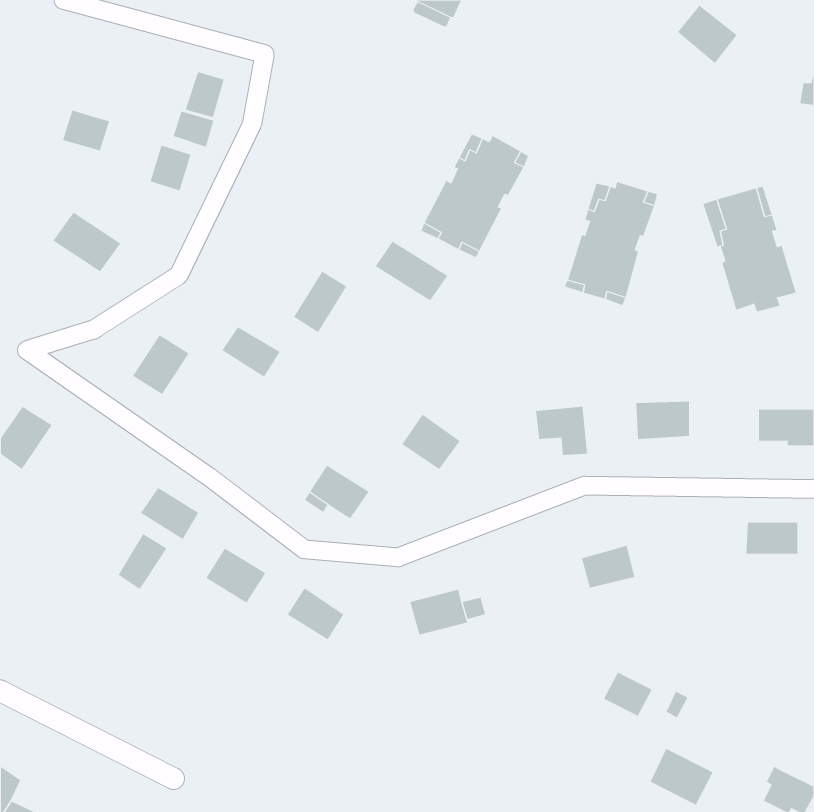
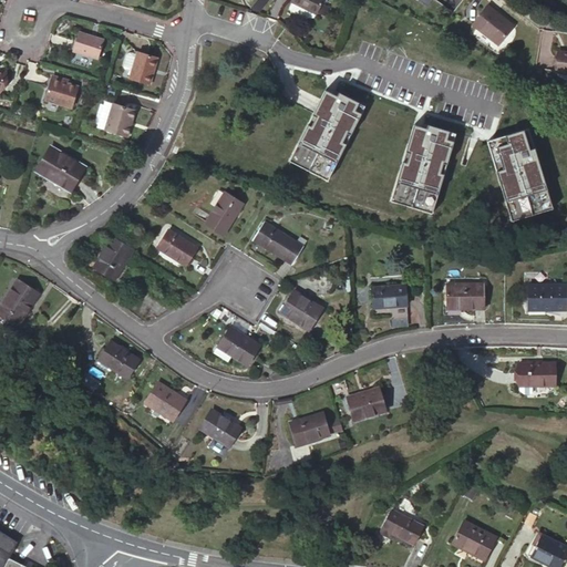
building: [173,111,214,147] -> [73,32,102,58]
building: [375,241,448,301] -> [254,220,305,262]
building: [118,533,167,590] -> none
building: [581,545,635,588] -> [344,390,382,420]
building: [603,672,652,716] -> [390,515,424,546]

